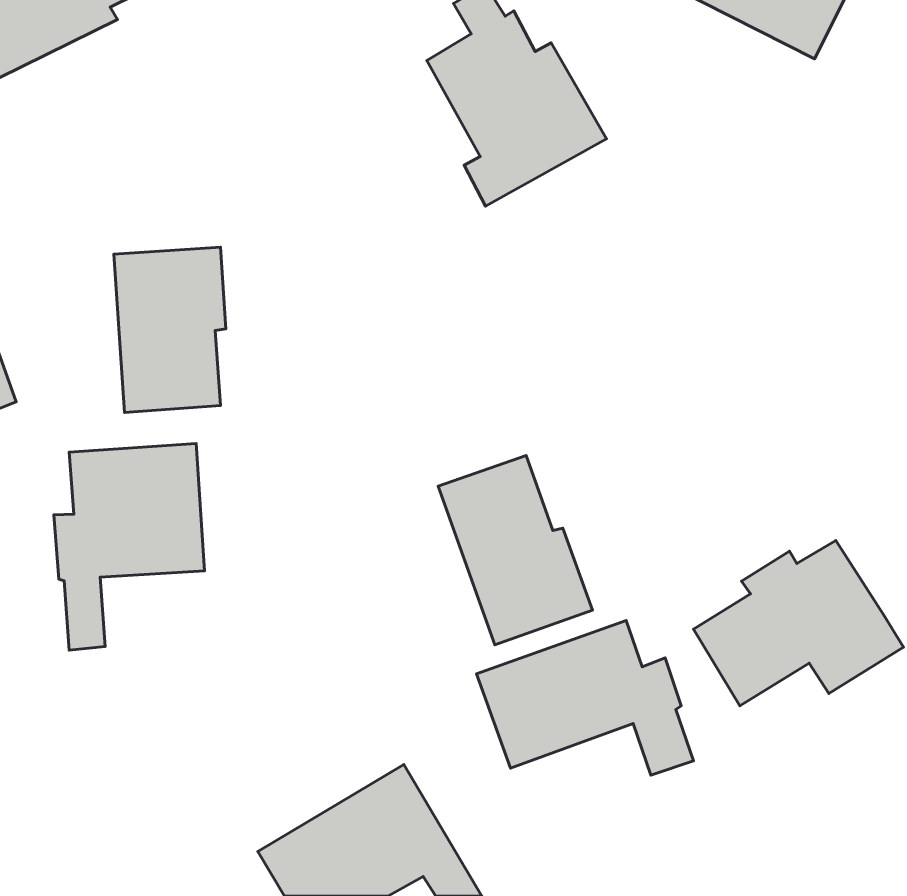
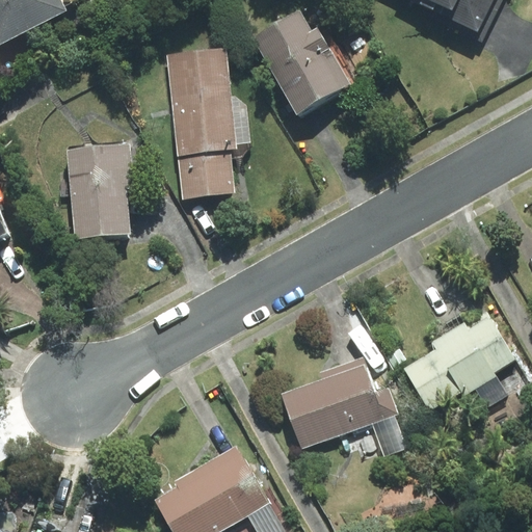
building: none -> [166,49,250,197]
building: [54,444,204,650] -> none
building: [438,456,592,645] -> none

